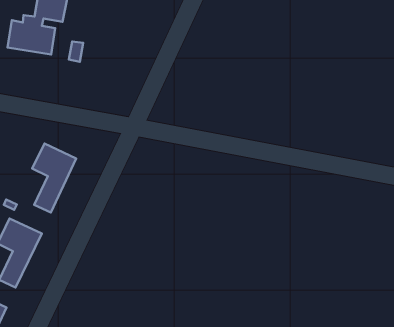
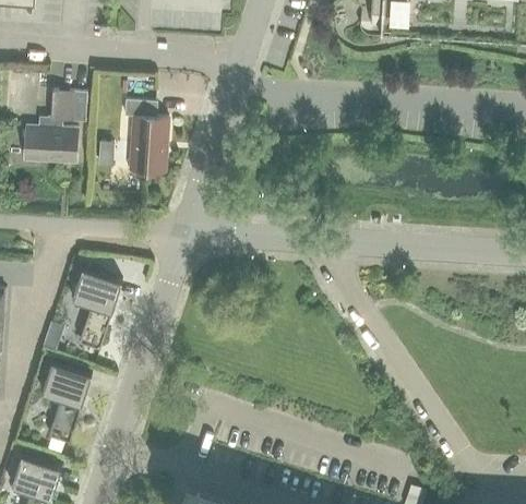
building: none -> [124,97,168,169]

